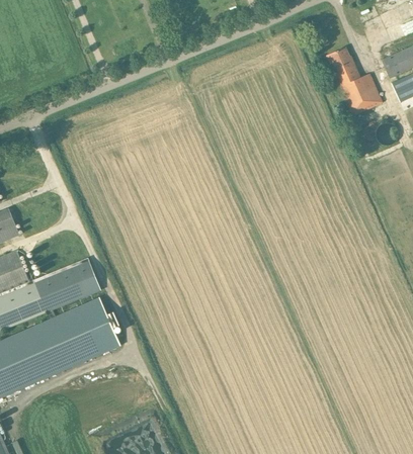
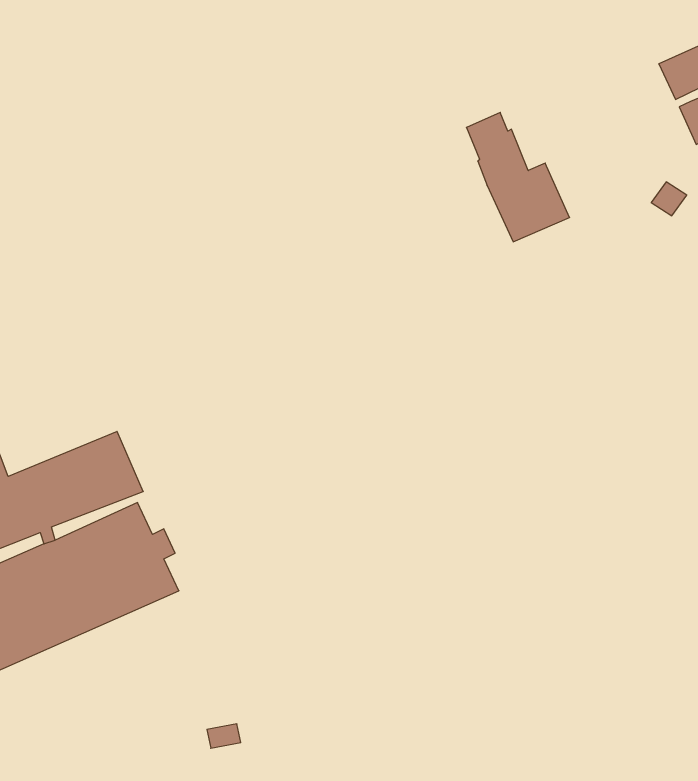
building: [327,46,383,115] -> [466,112,570,242]

